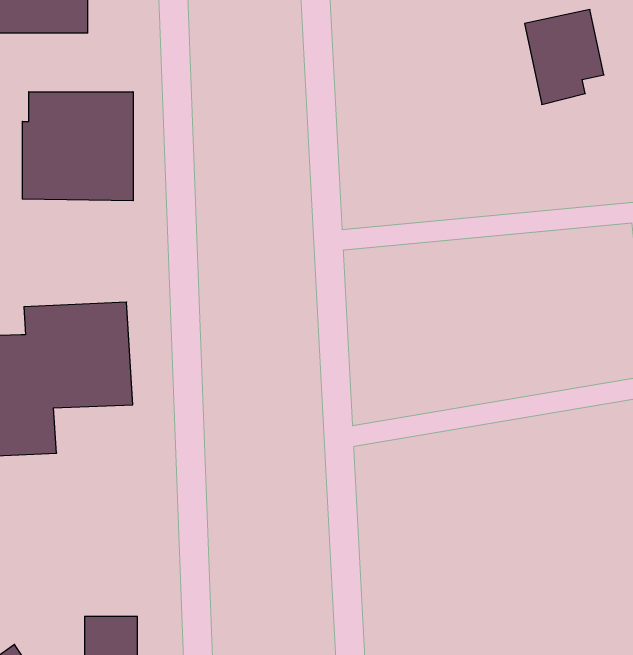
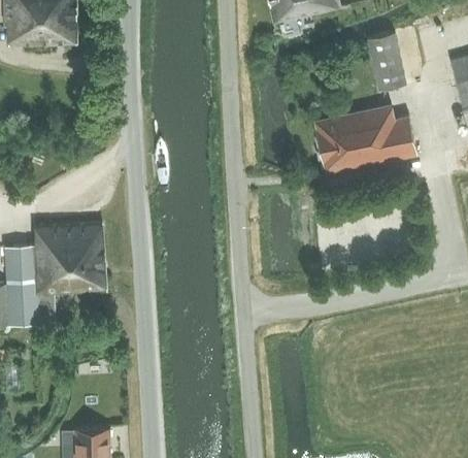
building: [22,92,133,201] -> none
building: none -> [313,103,417,174]

